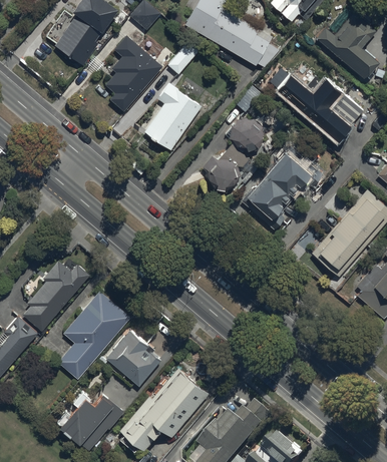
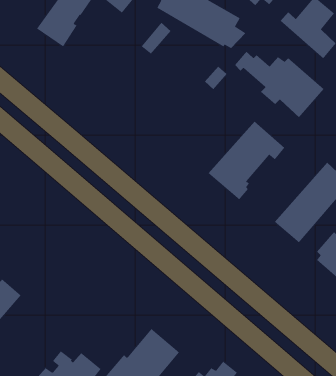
building: [104,34,162,110] -> none
building: [143,82,202,149] -> none
building: [202,117,262,190] -> none
building: [22,260,89,330] -> none
building: [57,290,129,379] -> none
building: [104,328,161,387] -> none

